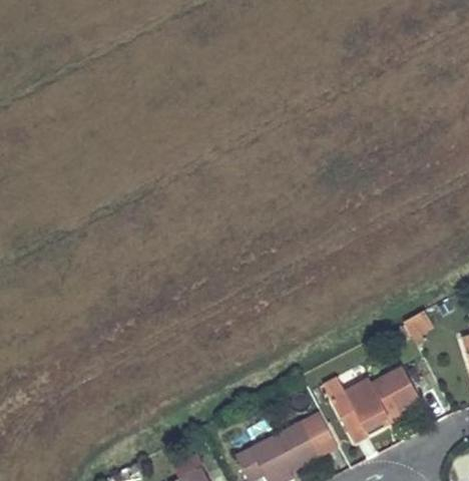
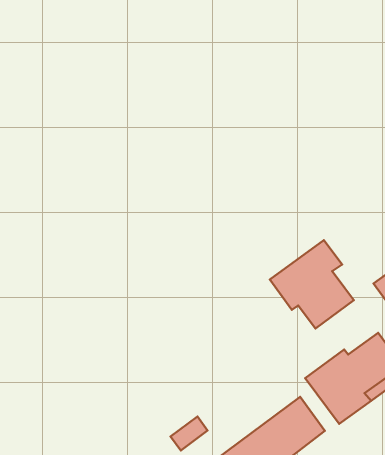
building: none -> [270,240,354,328]

